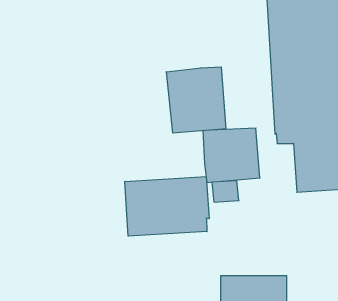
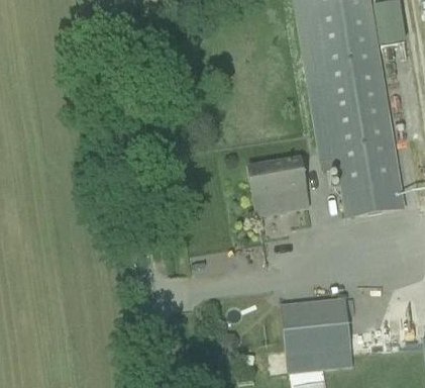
building: [166,67,226,133] -> none
building: [125,177,209,236] -> none

